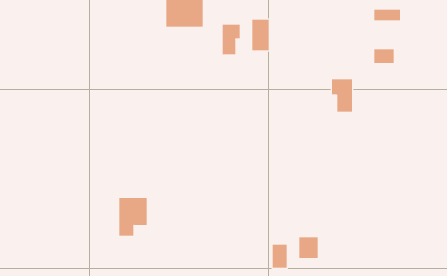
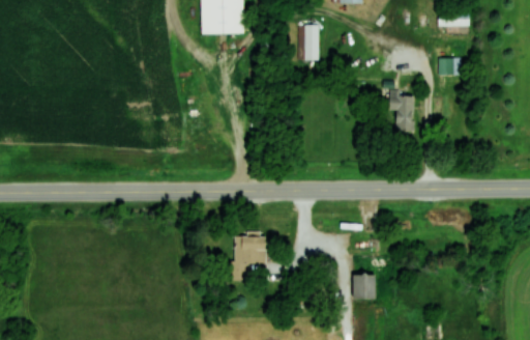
building: [222,24,240,55] -> none
building: [119,197,148,236] -> [233,235,266,280]
building: [272,244,287,268] -> none

